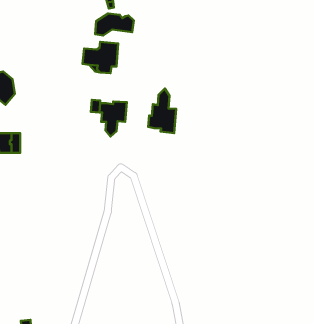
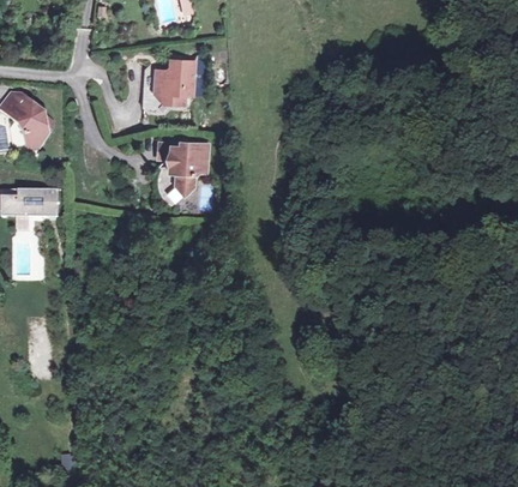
building: [95,14,134,35] -> none
building: [148,88,176,133] -> none

